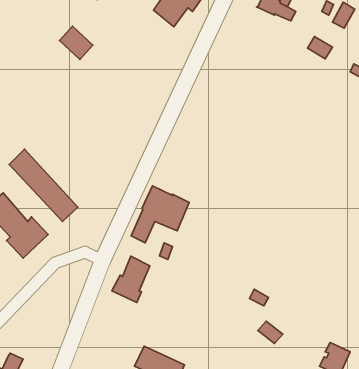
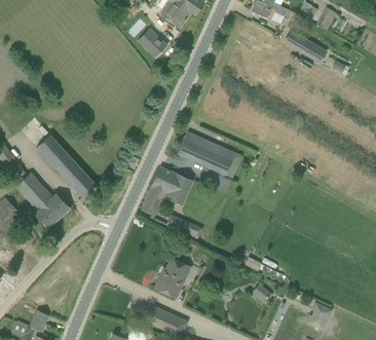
building: [60,26,93,60] -> [138,29,166,58]
building: none -> [178,131,234,175]
building: [112,256,150,303] -> [154,258,187,298]

